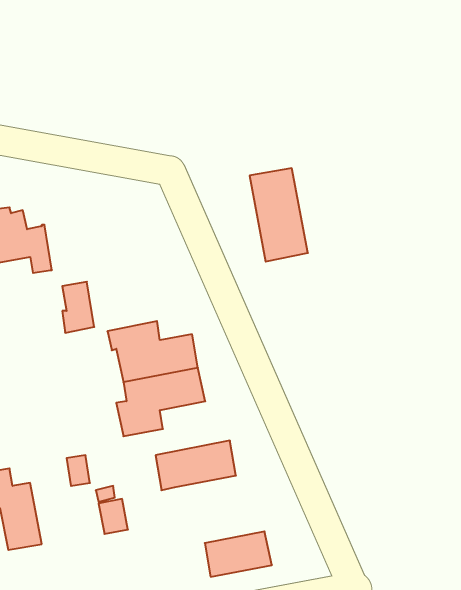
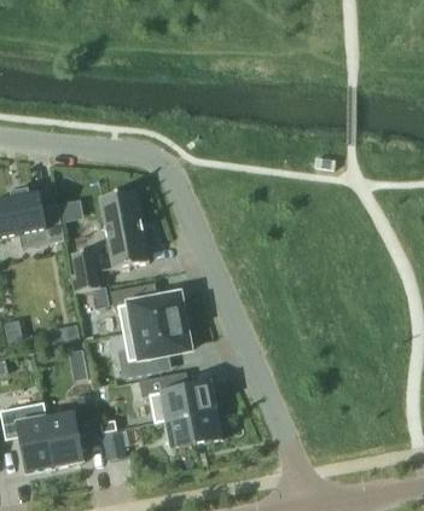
building: [250,168,308,262] -> [100,190,149,267]
building: none -> [46,410,83,466]
building: [205,531,272,577] -> [164,412,220,449]

